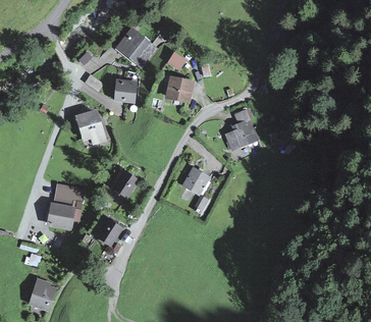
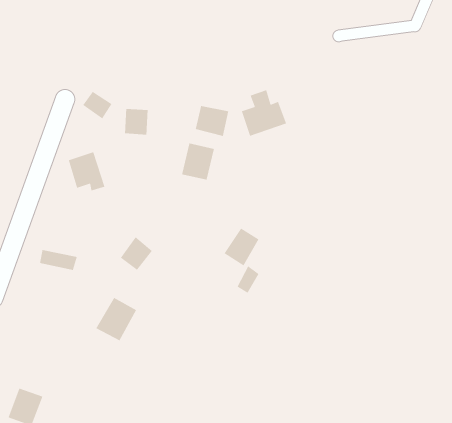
building: [117,33,150,64] -> none
building: none -> [181,143,215,181]
building: [225,115,258,149] -> [241,89,287,137]
building: [50,202,74,222] -> none

